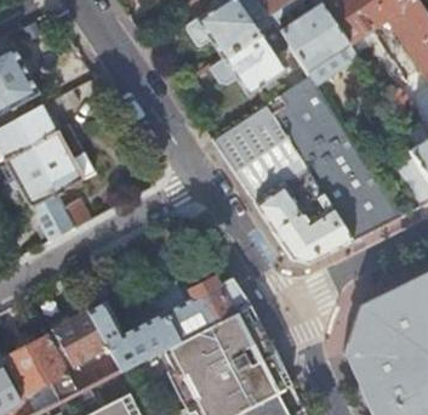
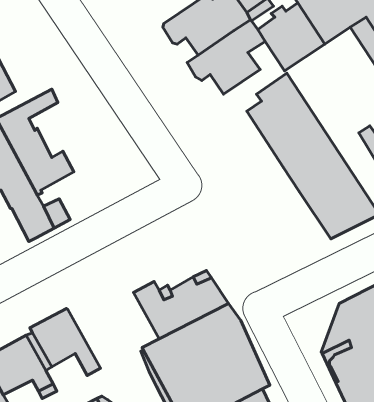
building: [211,106,352,262] -> none
building: [90,294,181,369] -> none

